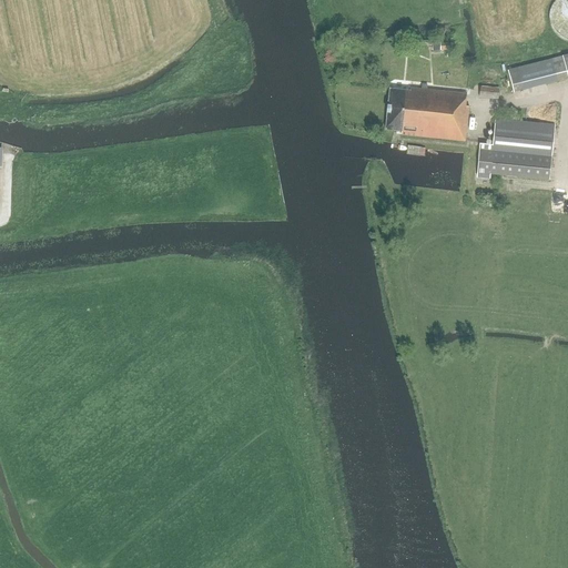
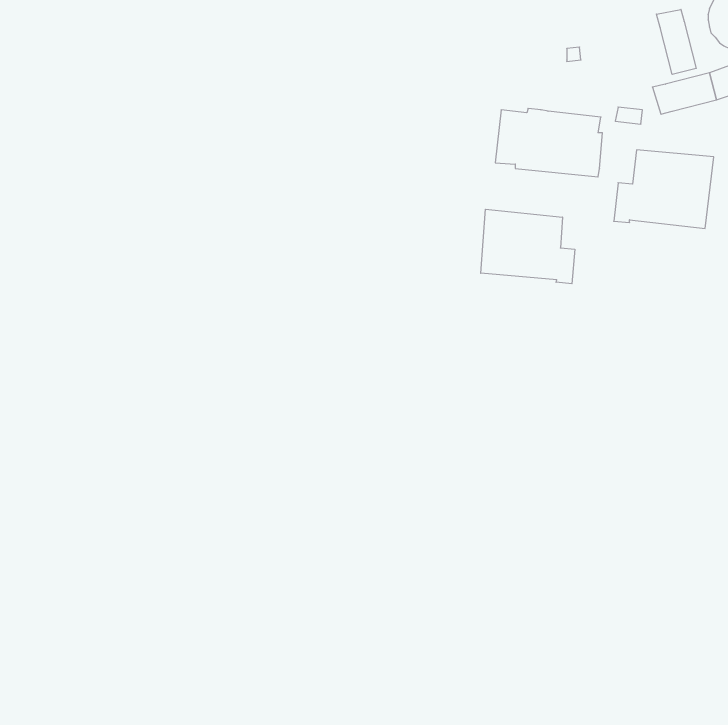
building: none -> [656,9,696,74]
building: none -> [481,209,575,284]

